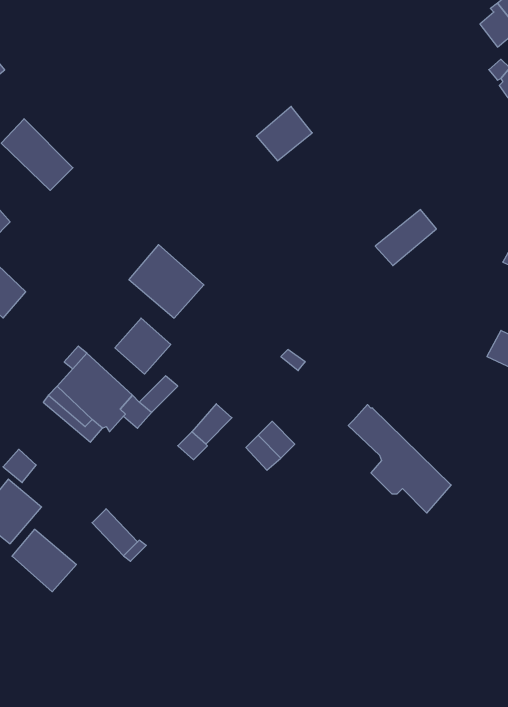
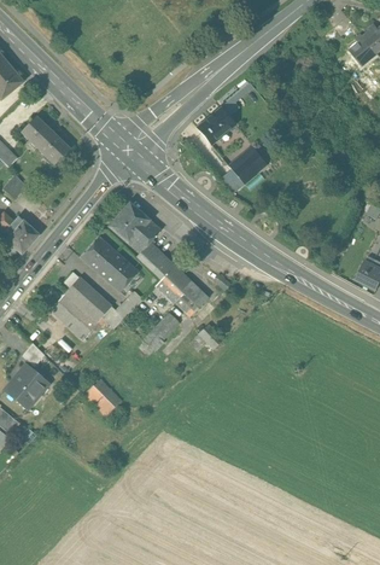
building: [375,210,436,266] -> [226,150,268,188]
building: none -> [81,237,117,273]
building: [348,405,451,513] -> [136,241,207,316]
building: [12,529,76,592] -> none

